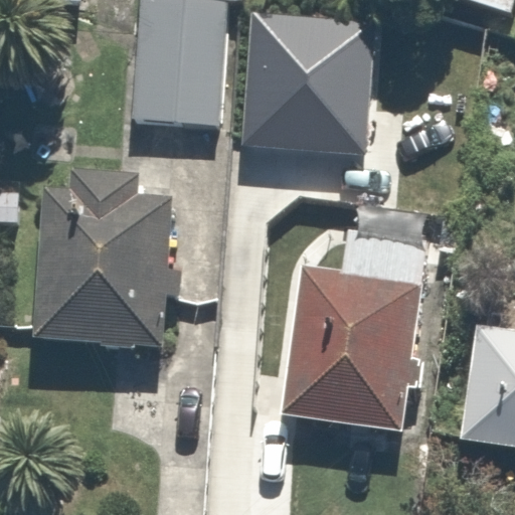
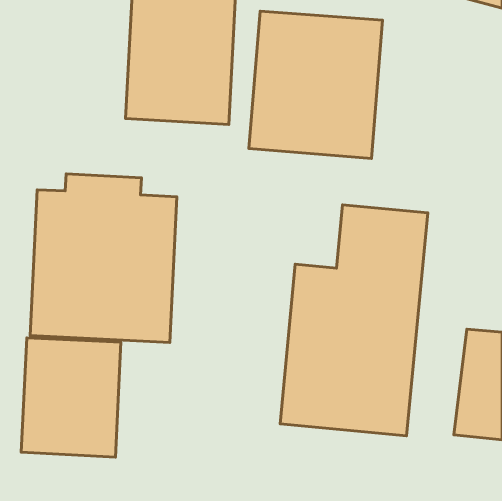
building: none -> [21,338,121,457]

